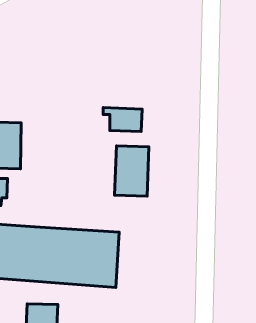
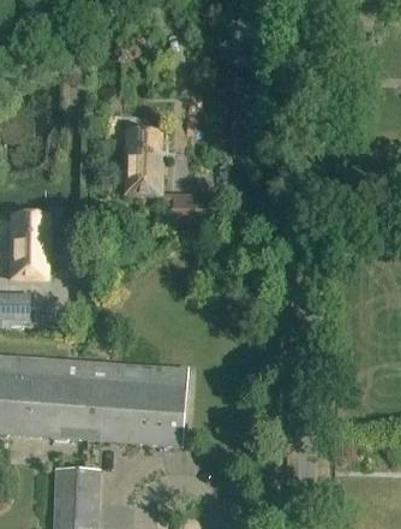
building: none -> [124,130,162,195]
building: [114,146,149,196] -> none

